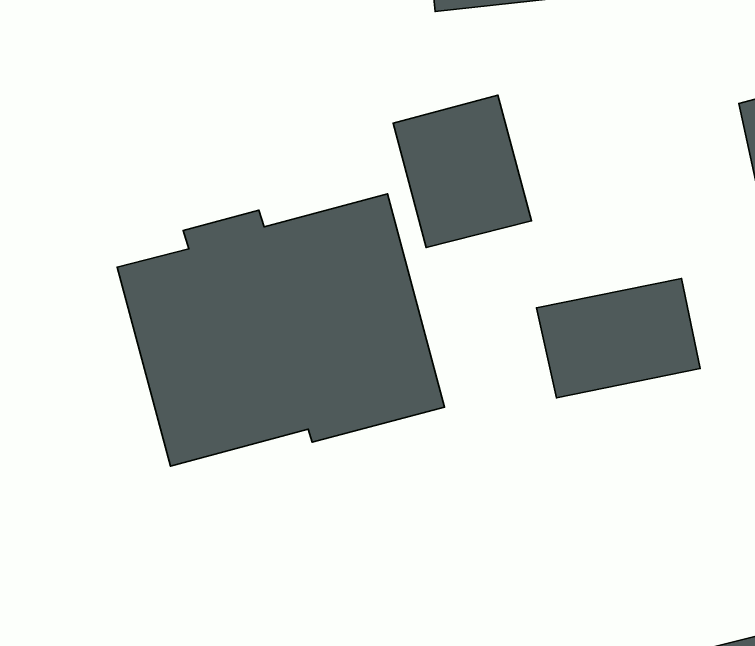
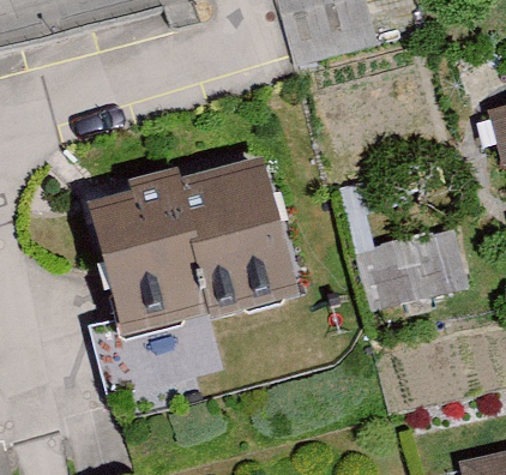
building: [393,95,532,247] -> none

